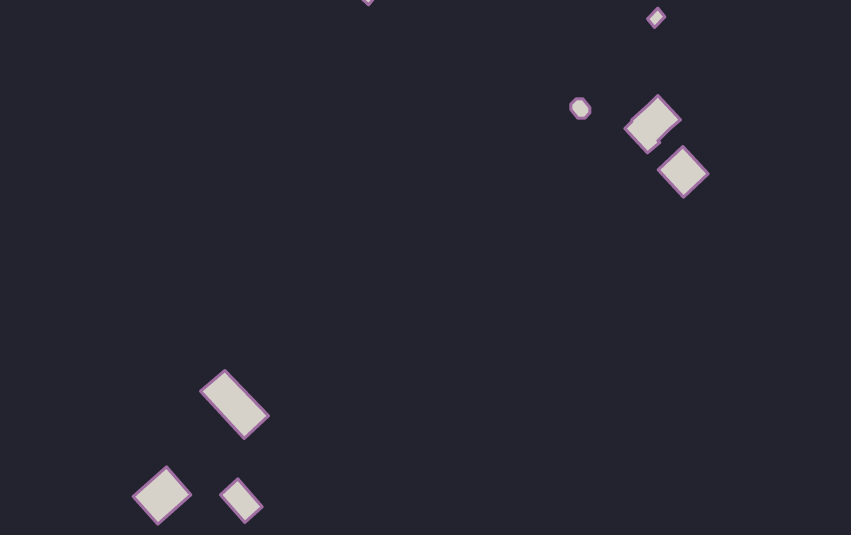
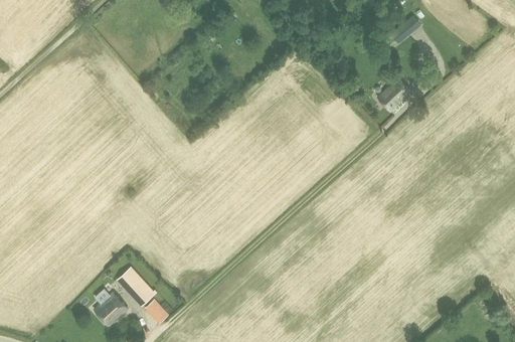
building: [658,146,708,197] -> none
building: [201,370,268,438] -> [116,267,155,306]

